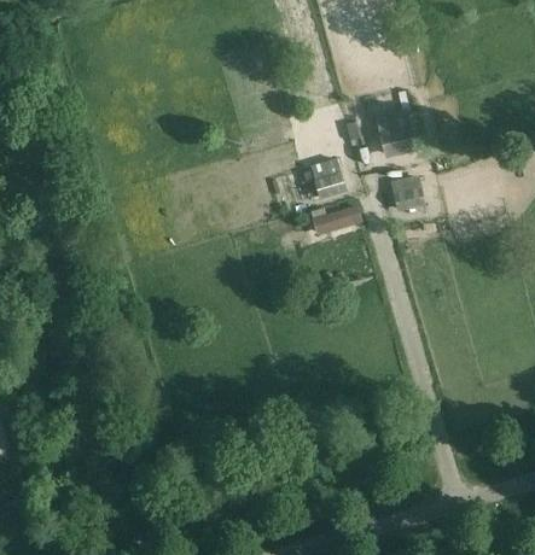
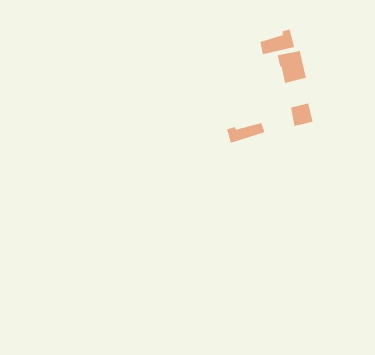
building: none -> [260,29,295,55]
building: [310,159,344,198] -> none

